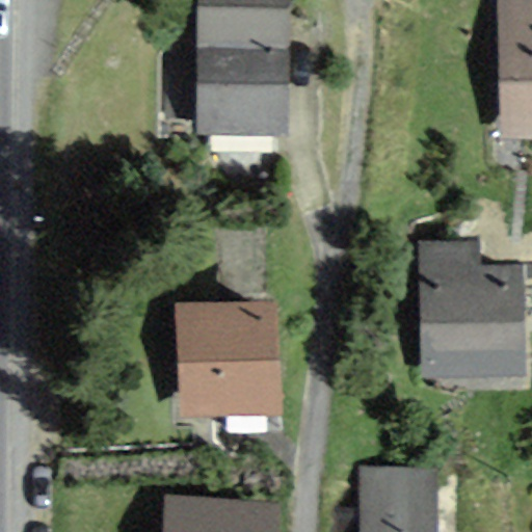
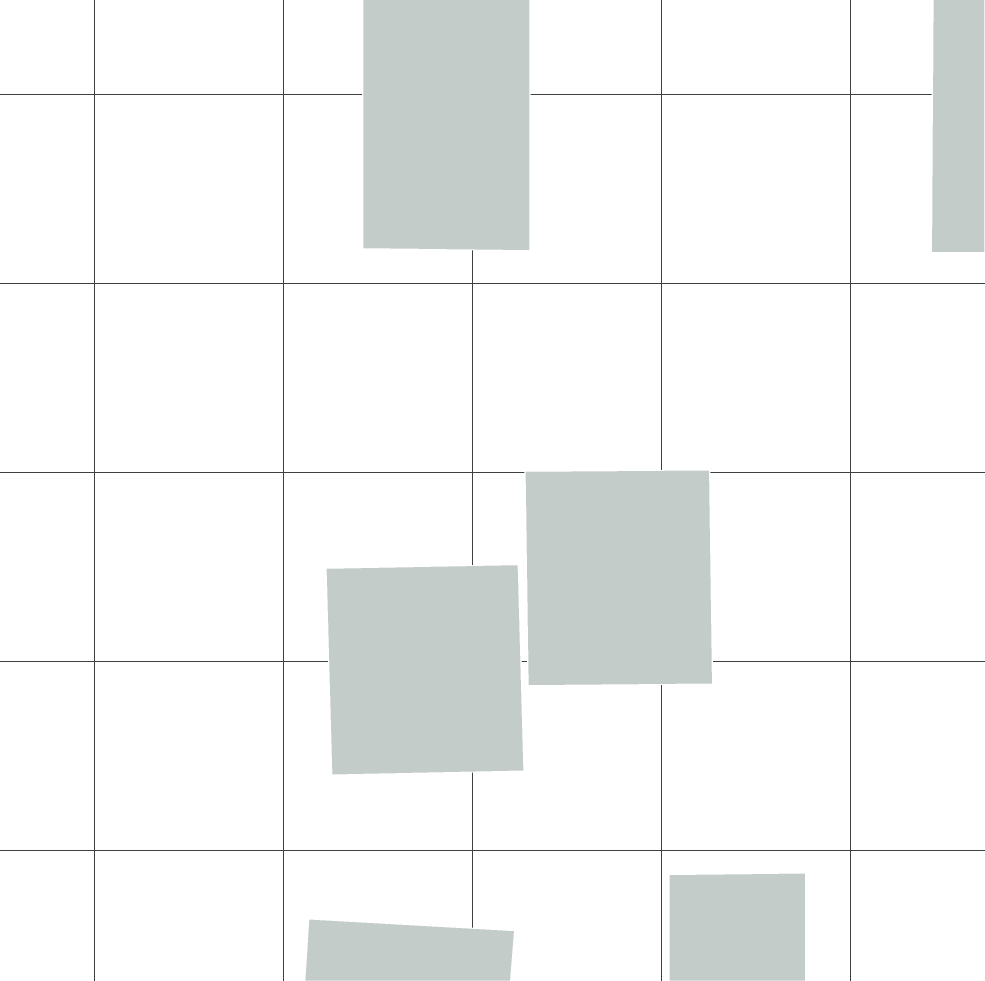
building: [420,242,526,374] -> none
building: none -> [525,470,713,686]

